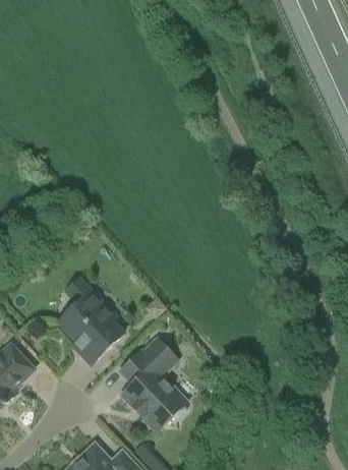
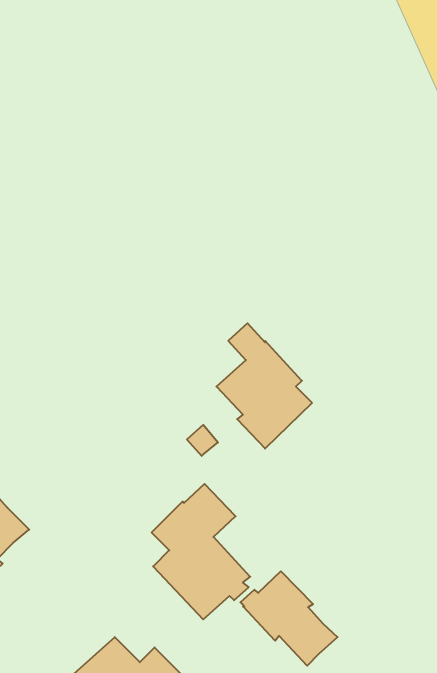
building: [57,278,123,364] -> [216,323,312,449]
building: none -> [240,571,338,666]

